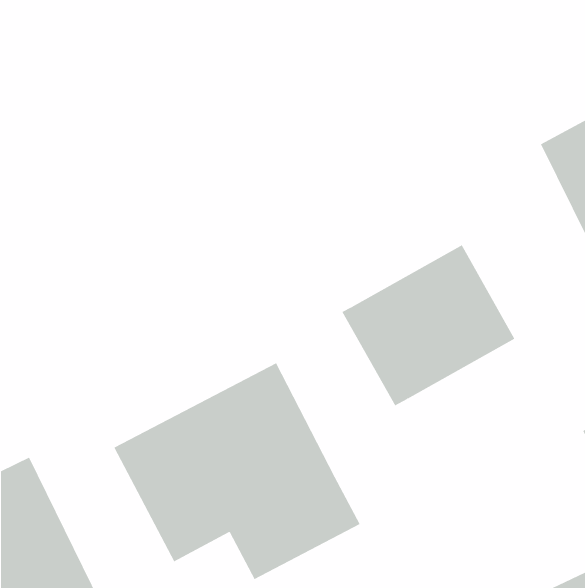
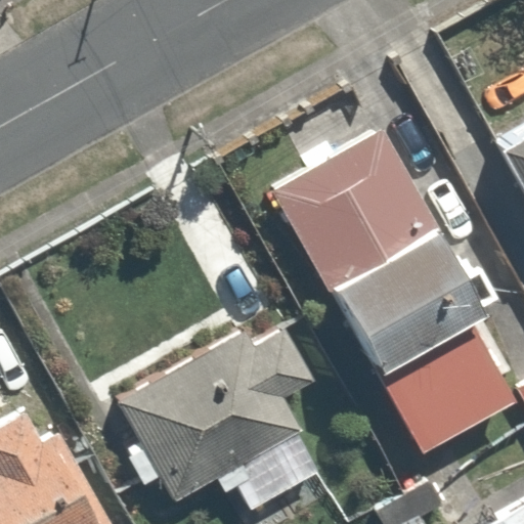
building: none -> [268,125,431,279]
building: none -> [369,307,512,445]

